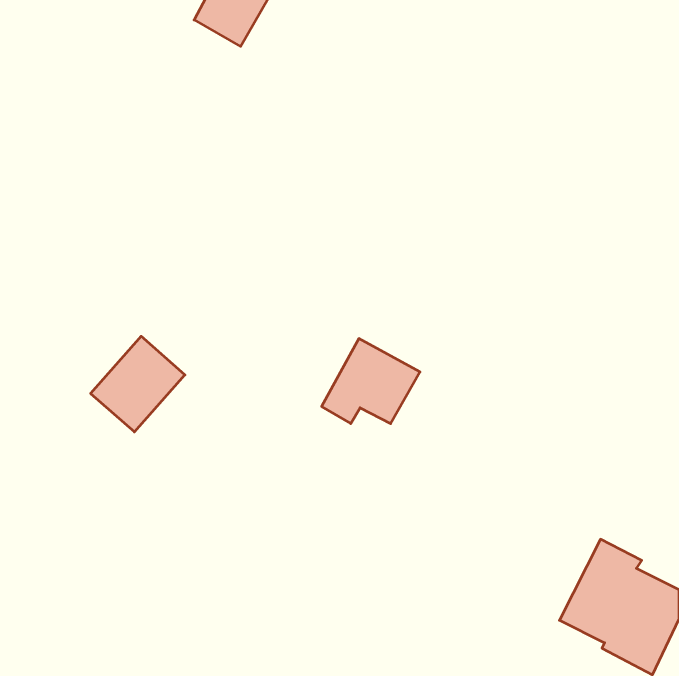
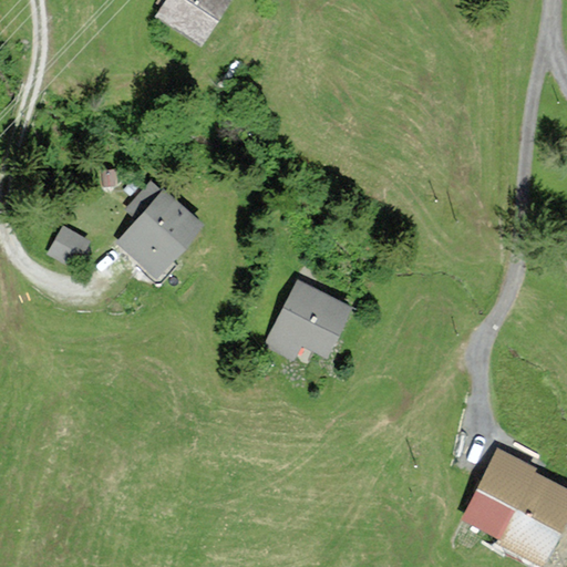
building: none -> [48,226,91,269]
building: [91,336,185,432] -> [122,194,200,274]

